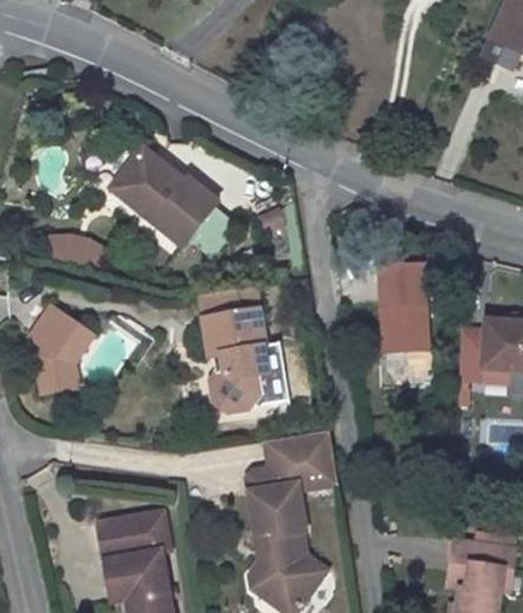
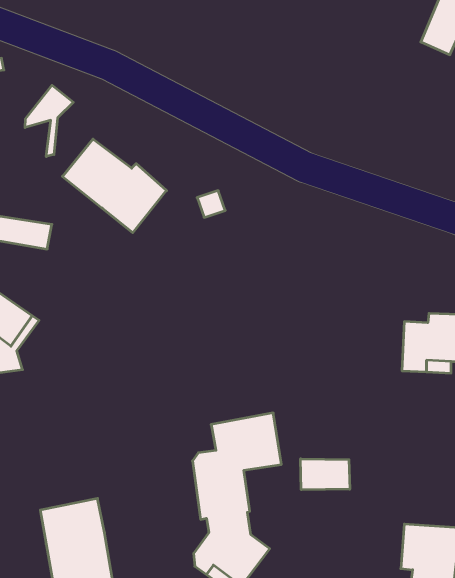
building: none -> [25,85,73,157]
building: [370,260,425,354] -> none
building: [197,289,279,411] -> none
building: none -> [301,459,350,490]

